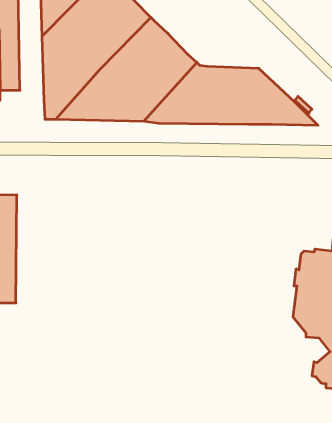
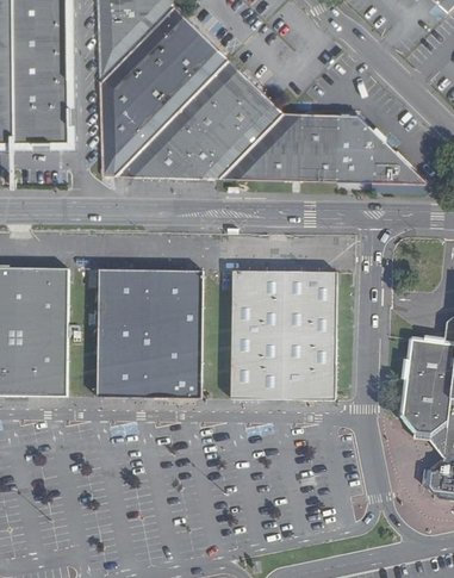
building: none -> [95,268,201,398]
building: none -> [230,269,336,399]

